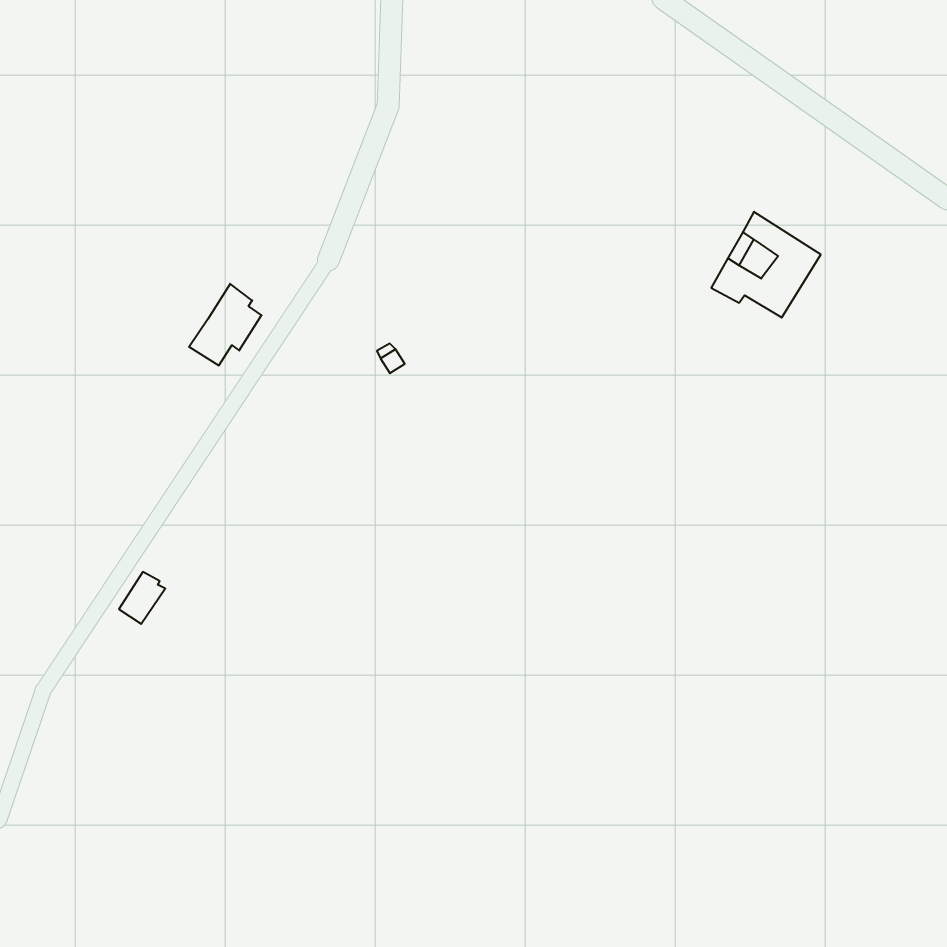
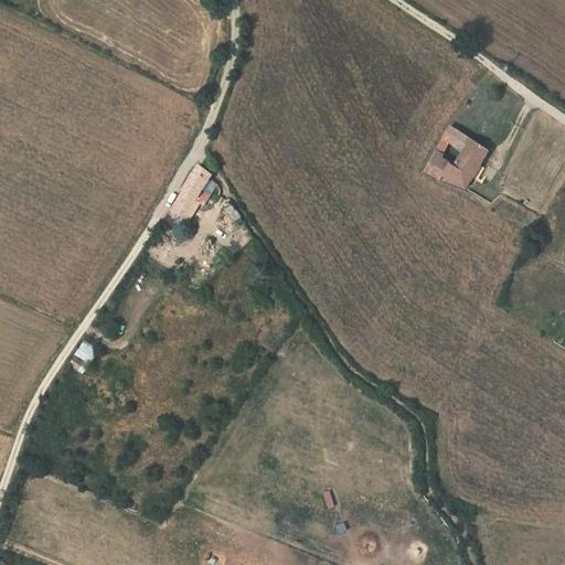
building: [189,284,262,365] -> [173,166,216,214]

